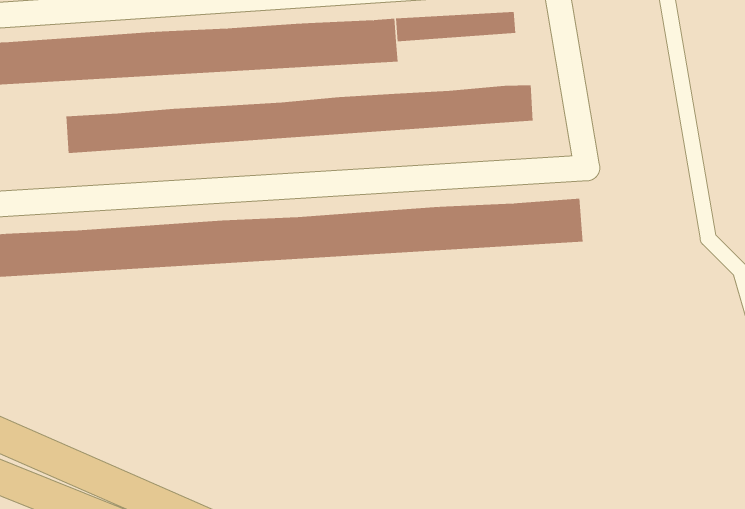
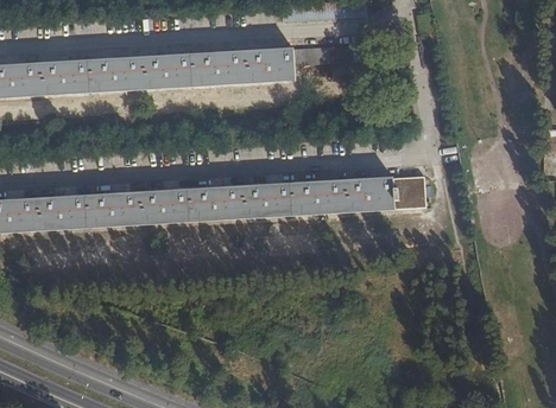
building: [66,84,533,154] -> none

